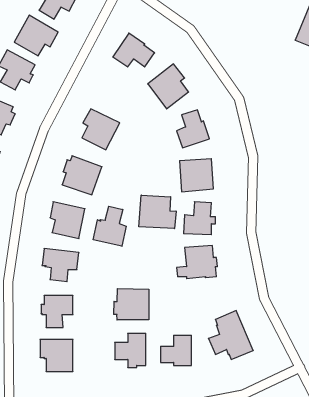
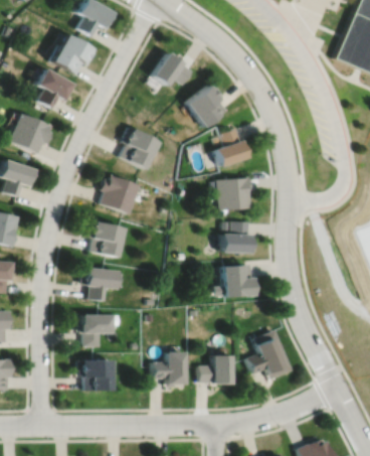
building: [139,195,176,229] -> none
building: [93,206,126,246] -> none
building: [114,289,149,320] -> none

